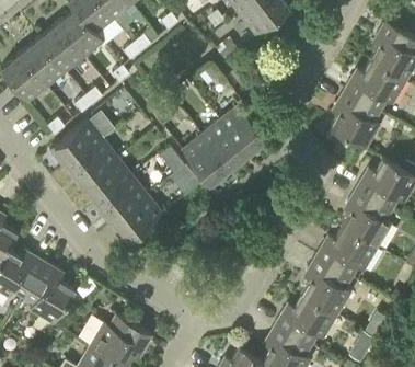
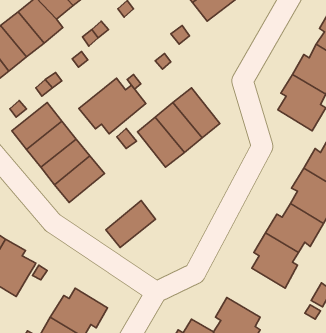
building: none -> [79,78,146,134]
building: [109,193,162,242] -> [106,201,156,247]
building: [276,293,337,344] -> none

